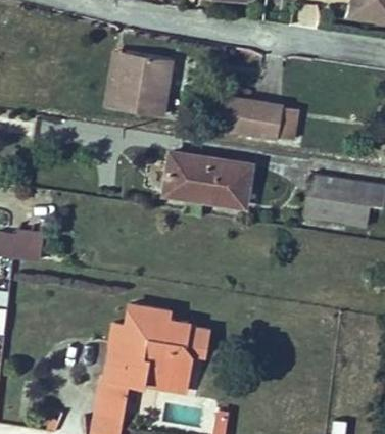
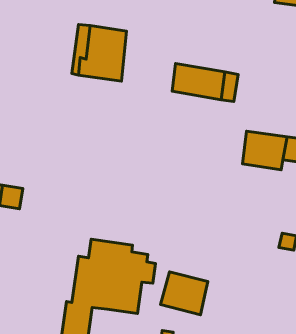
building: [166,151,259,210] -> none
building: none -> [161,272,208,315]

